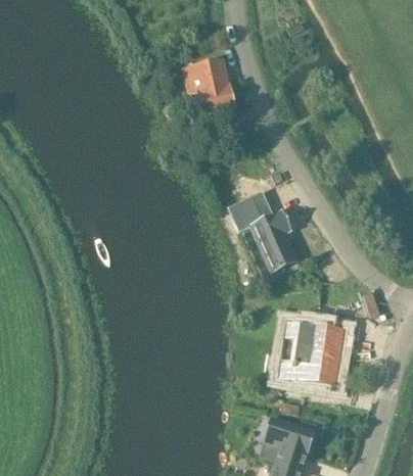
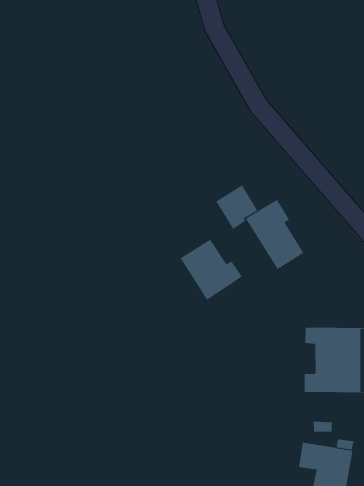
building: [183,58,234,116] -> none
building: none -> [180,239,242,301]

